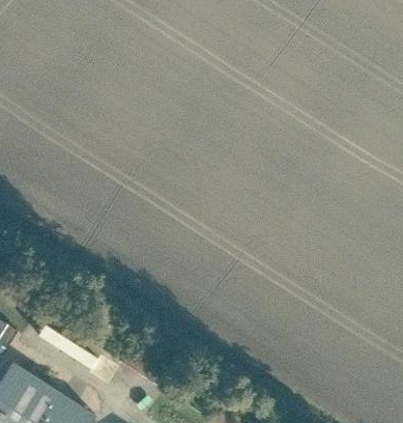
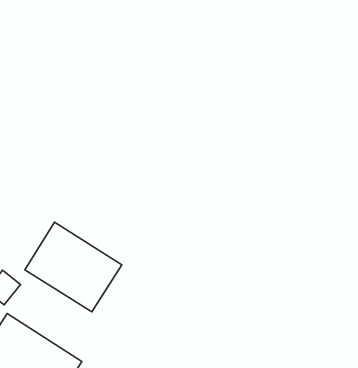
building: none -> [25,222,122,312]

